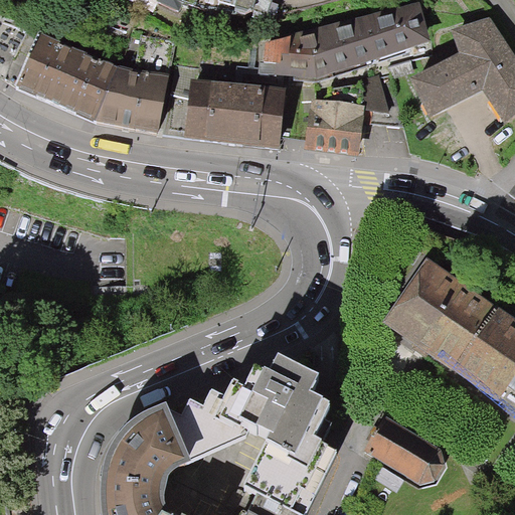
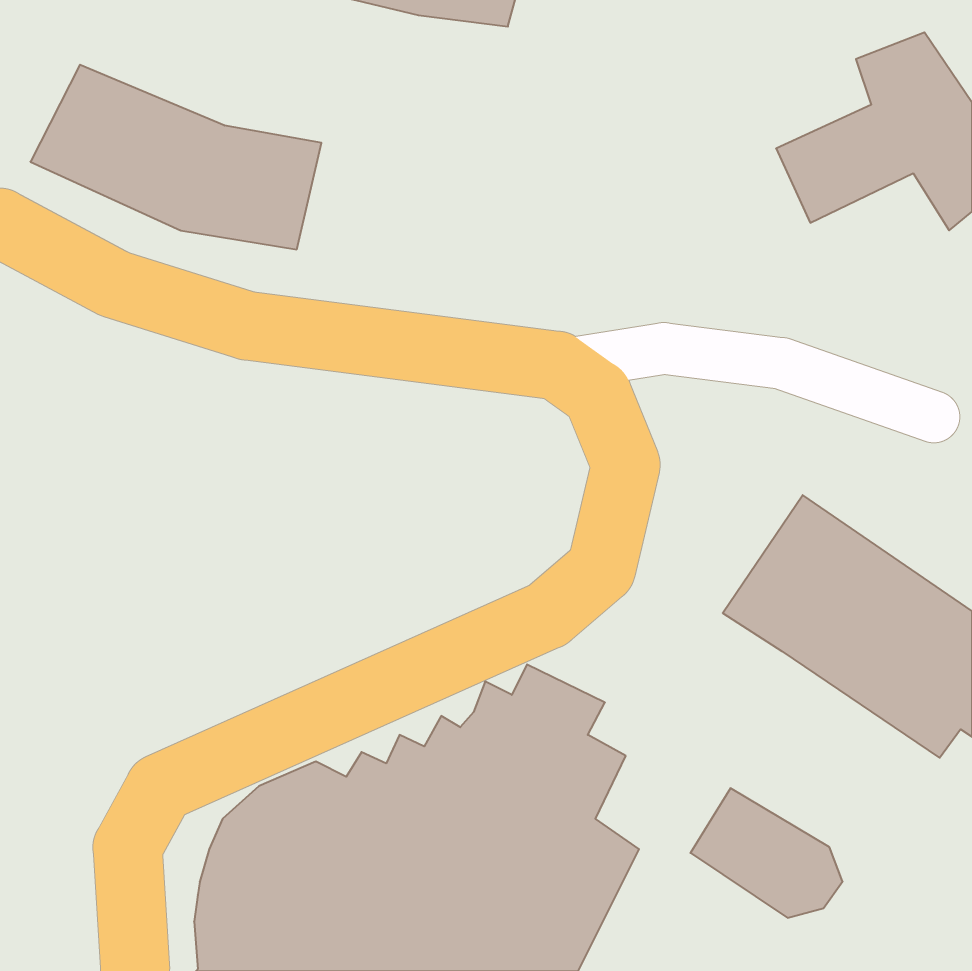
building: [239,5,432,82] -> none
building: [306,73,390,154] -> none
building: [169,76,284,146] -> none

